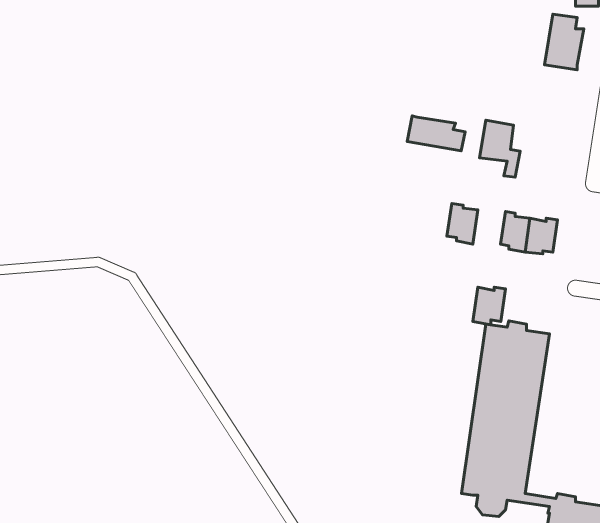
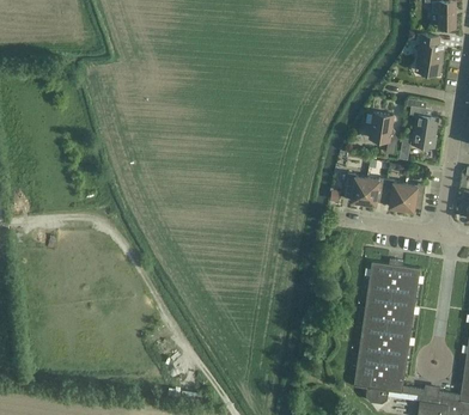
building: none -> [409,106,438,148]
building: [407,116,465,151] -> none
building: [473,287,506,325] -> [363,178,386,206]

